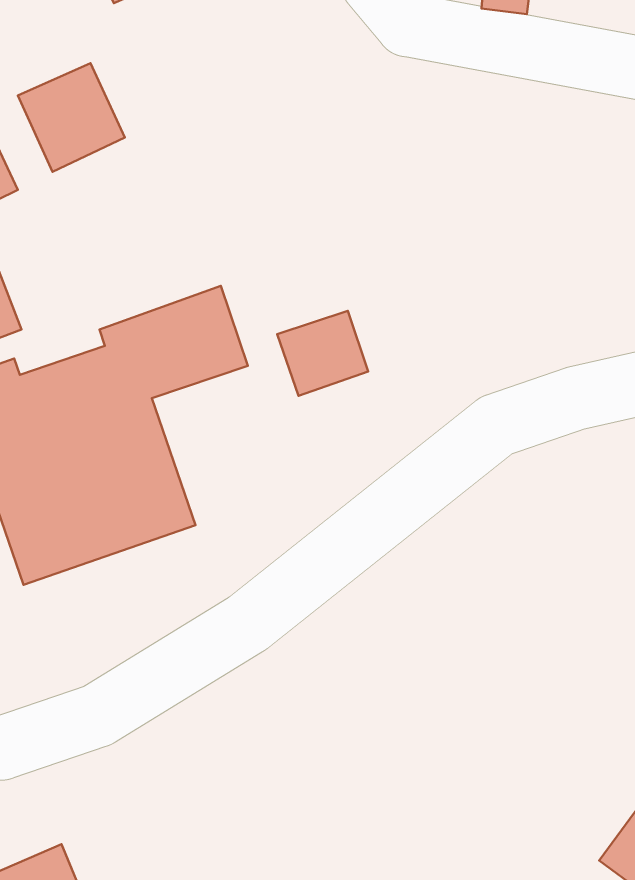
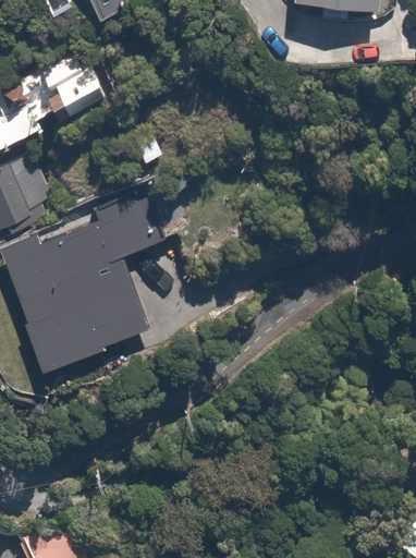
building: [277,311,368,396] -> none

